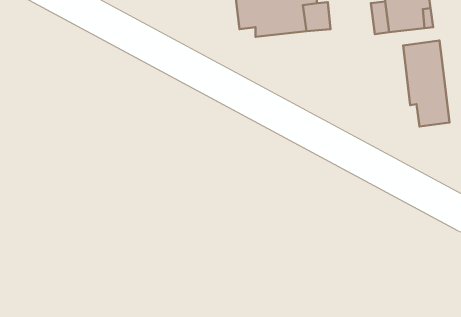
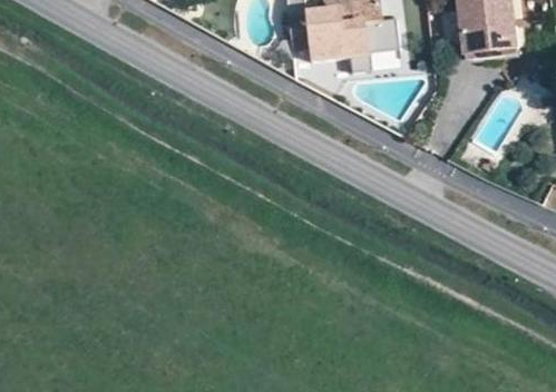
building: [403,40,449,127] -> none

